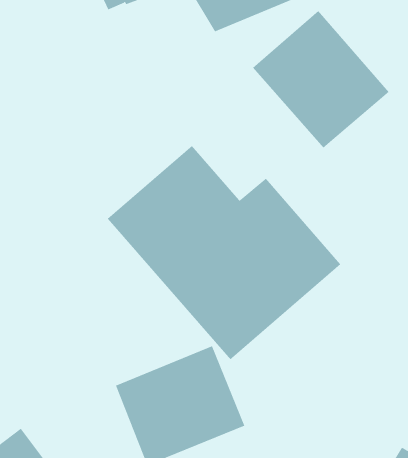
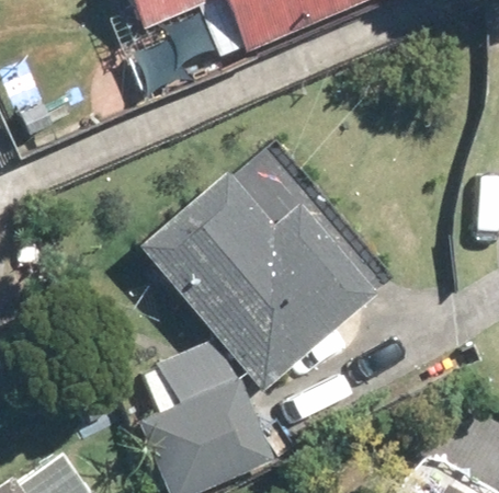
building: [252,10,389,148] -> none

